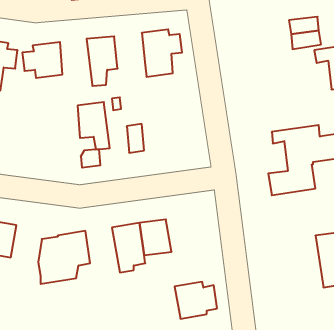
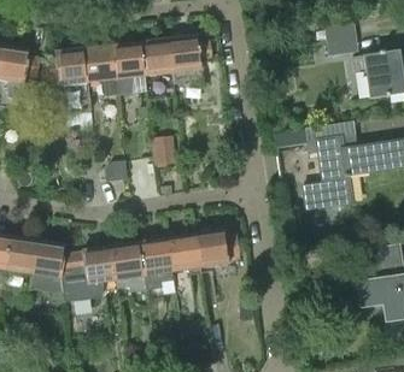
building: none -> [141,39,174,76]
building: [78,102,110,149] -> [84,45,118,94]
building: none -> [30,240,66,293]
building: none -> [111,242,147,291]
building: [175,282,217,319] -> [195,229,240,267]

